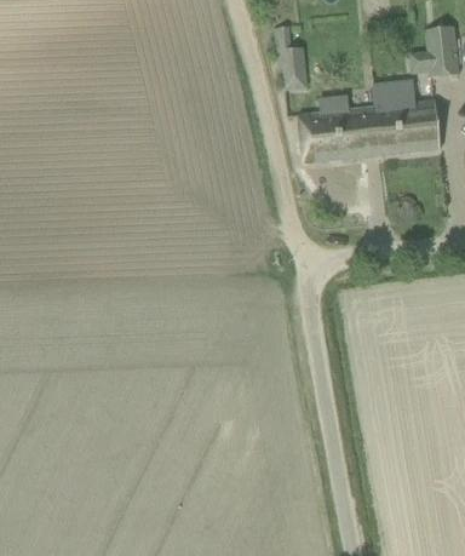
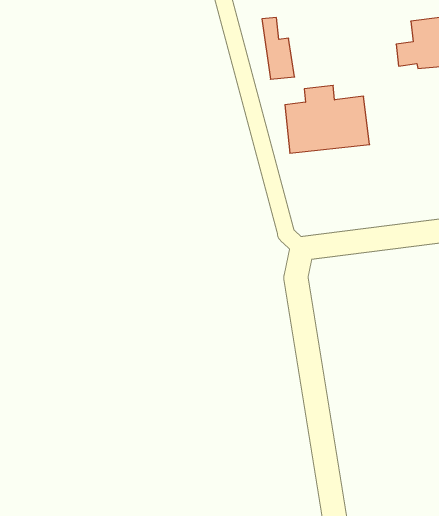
building: [375,80,441,154] -> none

